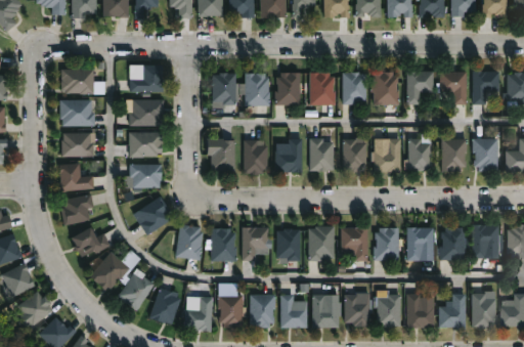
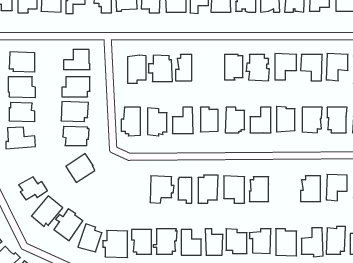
building: [306,72,332,103] -> none
building: [62,193,96,225] -> none
building: [177,223,206,260] -> none
building: [404,226,434,260] -> none
building: [213,228,238,261] -> none

